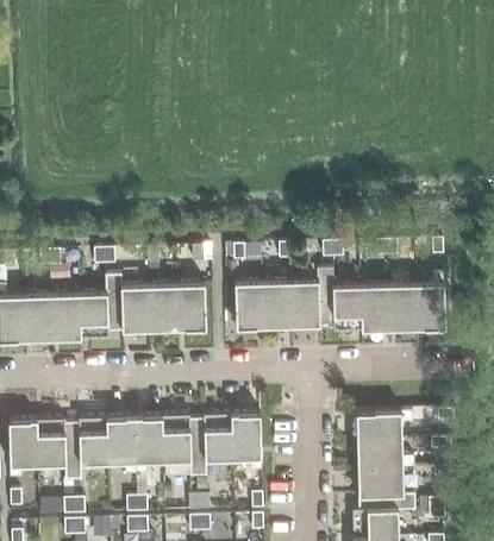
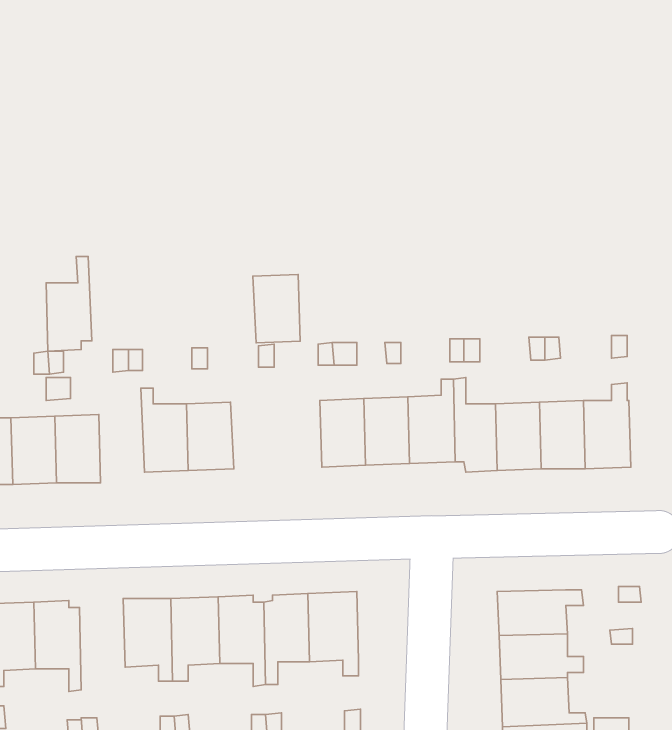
building: [85,276,115,340] -> [46,257,92,351]
building: [174,284,206,331] -> [253,275,300,343]
building: [71,419,102,480] -> none

